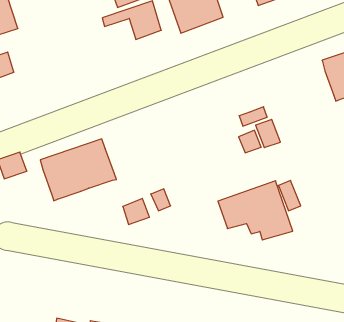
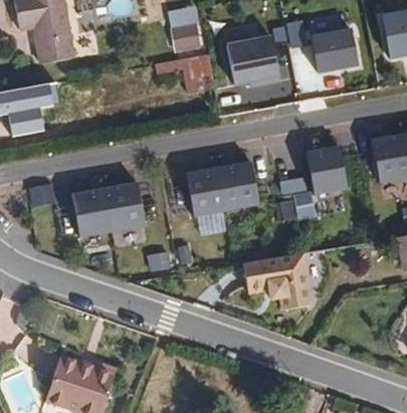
building: none -> [309,149,349,197]
building: none -> [183,163,256,217]

